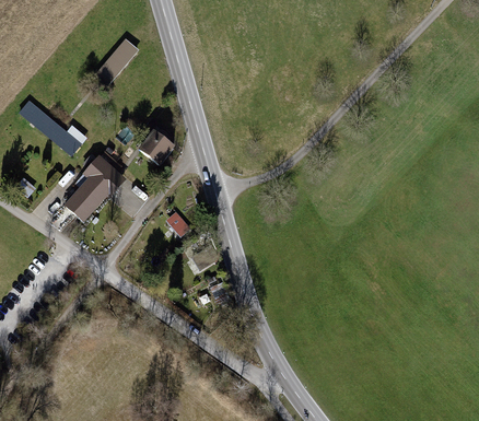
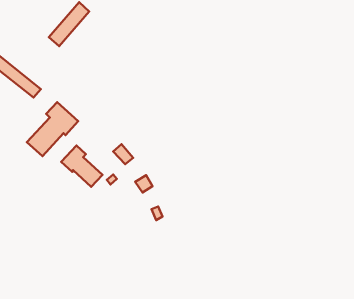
building: [140,126,176,166] -> none
building: none -> [61,145,103,187]

